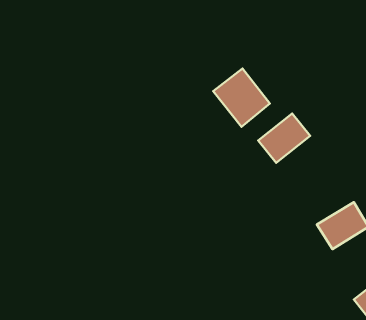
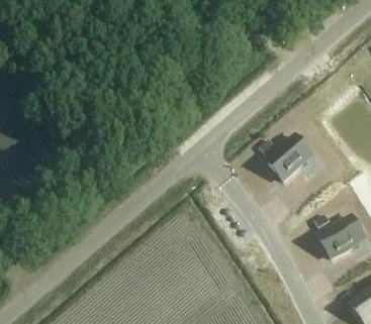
building: [213,68,270,127] -> none

